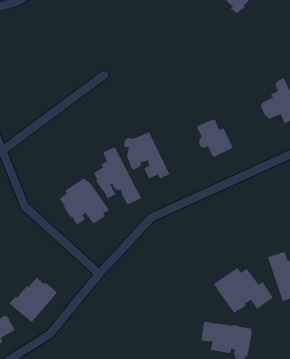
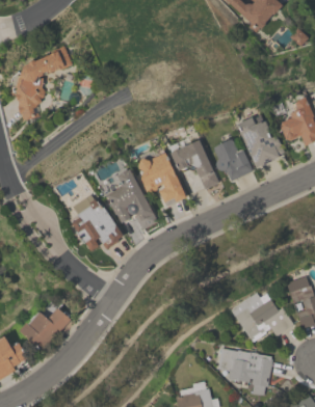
building: none -> [16,46,73,120]
building: none -> [236,117,284,167]
building: none -> [170,140,219,189]

